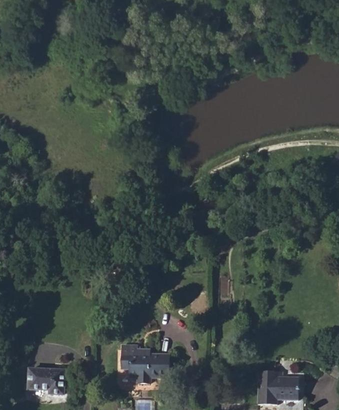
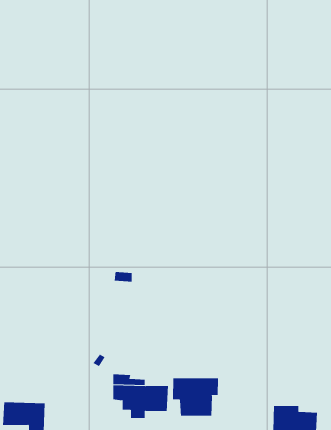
building: none -> [172,377,218,417]

